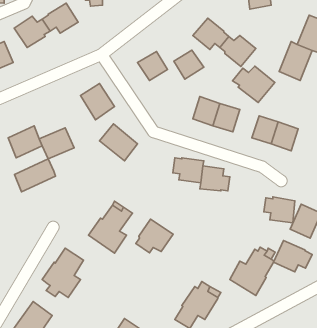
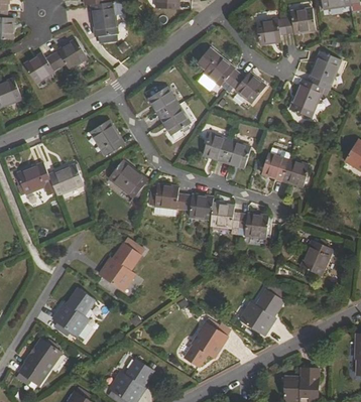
building: [174,50,204,79] -> [159,106,190,135]
building: [233,66,275,102] -> none
building: none -> [155,184,185,210]
building: [14,159,55,192] -> none
building: [264,197,295,223] -> [238,213,269,239]
building: [136,219,173,253] -> none
building: [274,241,312,272] -> none

